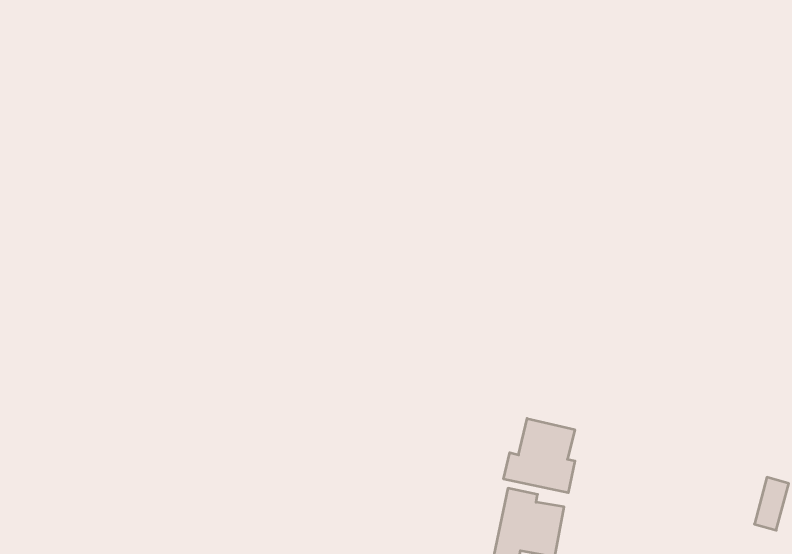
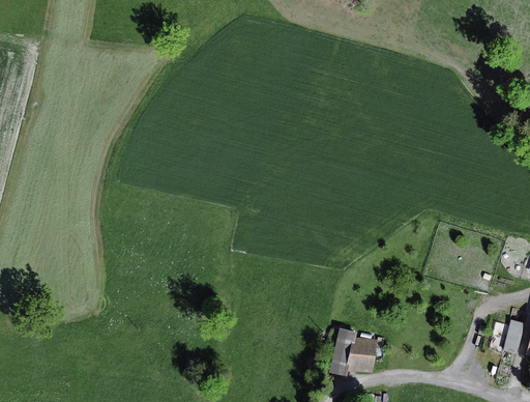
building: [504,418,575,493] -> none

